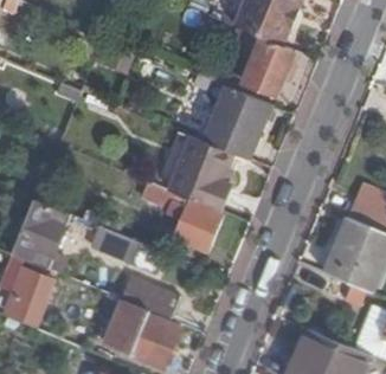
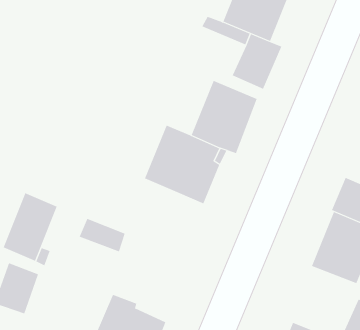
building: [141,182,219,250] -> none
building: [117,276,178,320] -> none

